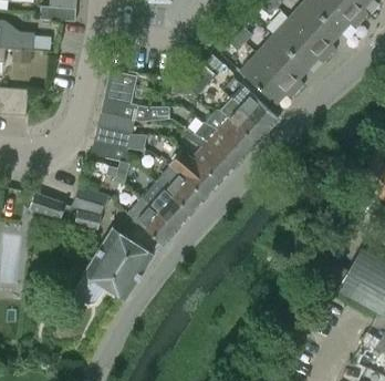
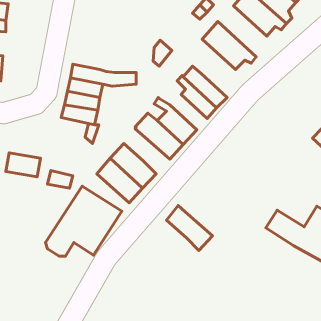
building: [257,35,309,90] -> none
building: [103,69,137,103] -> none
building: [239,90,282,133] -> none
building: [195,122,246,167] -> none
building: [157,166,206,214] -> [167,206,212,251]
building: [73,186,107,216] -> none

